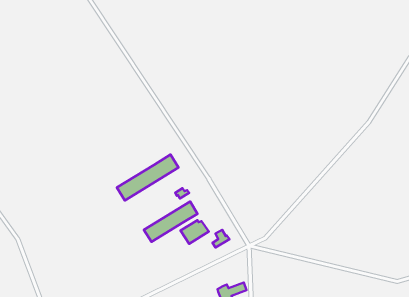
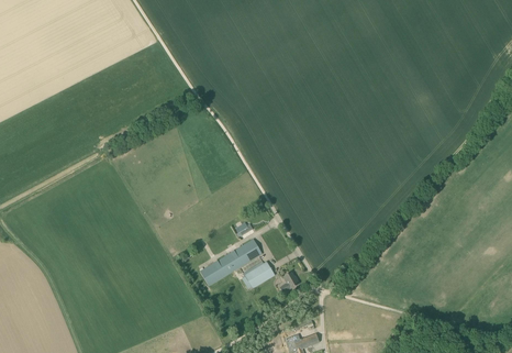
building: [117,155,178,200] -> none

